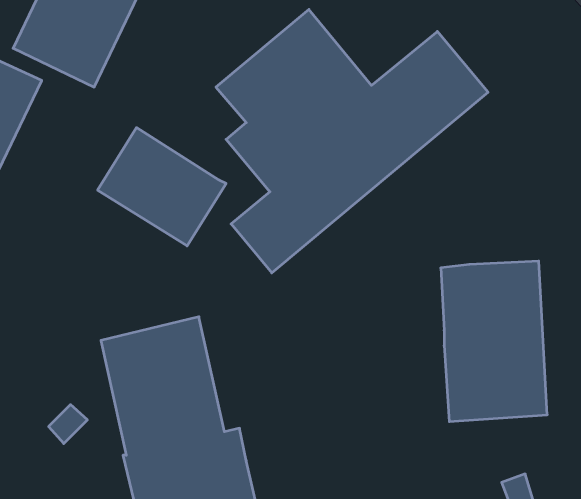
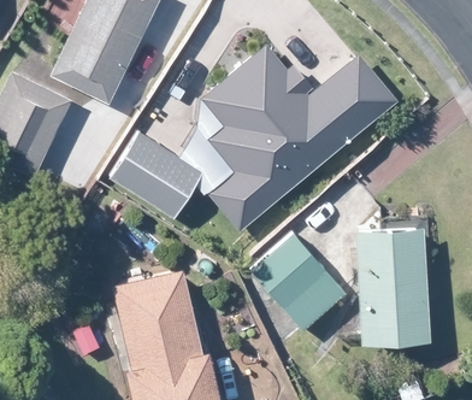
building: none -> [250,235,343,330]

